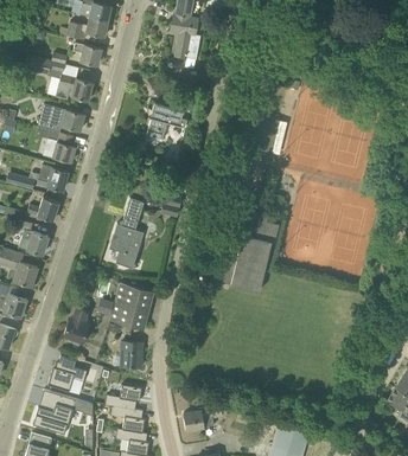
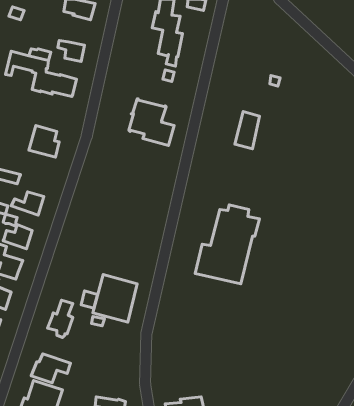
building: [66,18,107,39] -> none
building: [50,108,84,131] -> none
building: [37,165,68,190] -> none
building: [109,198,144,269] -> none
building: [120,342,142,368] -> none
building: [106,385,141,410] -> none

